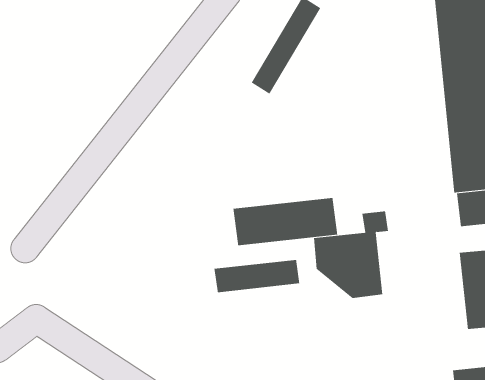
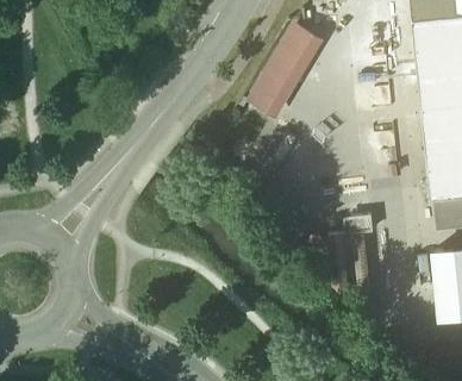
building: [233,197,338,246] -> none
building: [214,259,300,293] -> none

